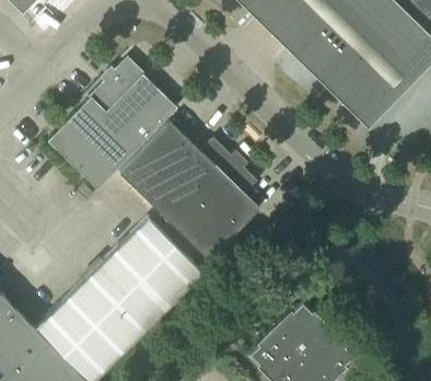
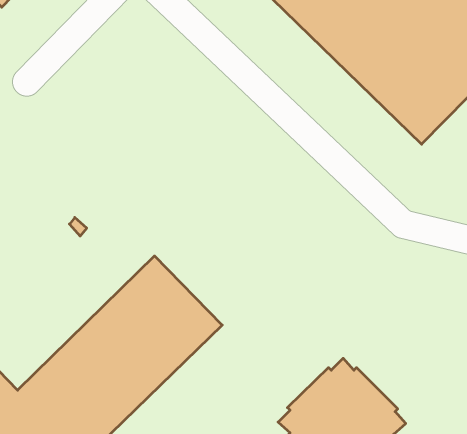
building: [48,58,177,190] -> none
building: [120,123,260,262] -> none

